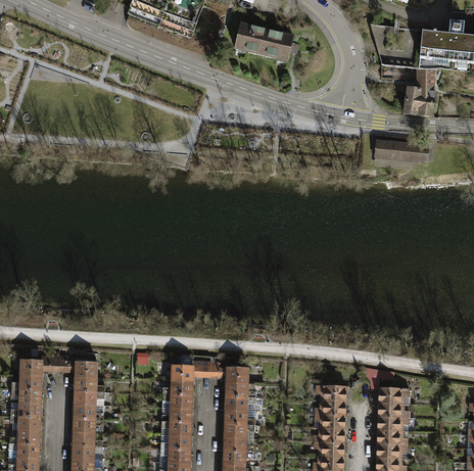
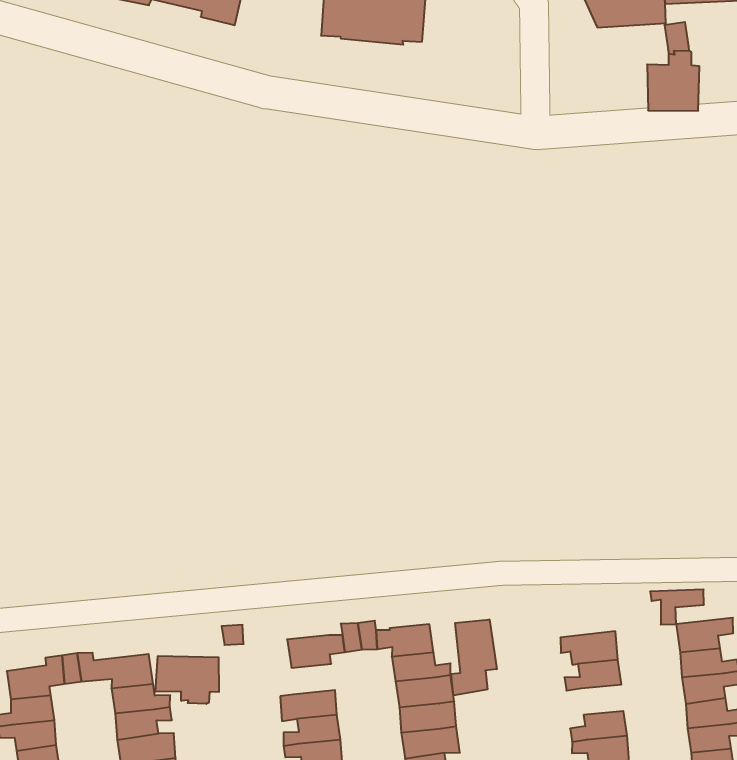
building: [376,139,430,160] -> none
building: none -> [156,656,219,704]
building: none -> [451,619,497,695]
building: [163,379,193,394] -> none
building: [315,413,345,428] -> none

